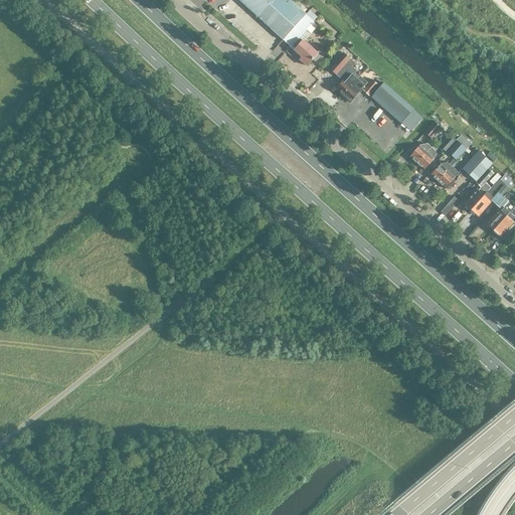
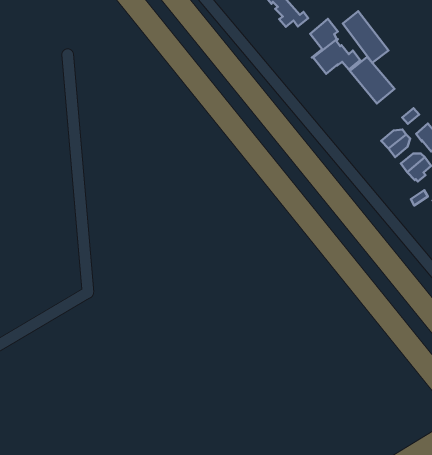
building: none -> [343,11,389,63]

